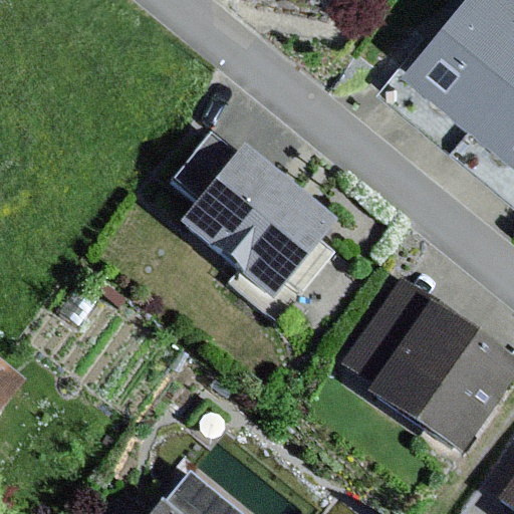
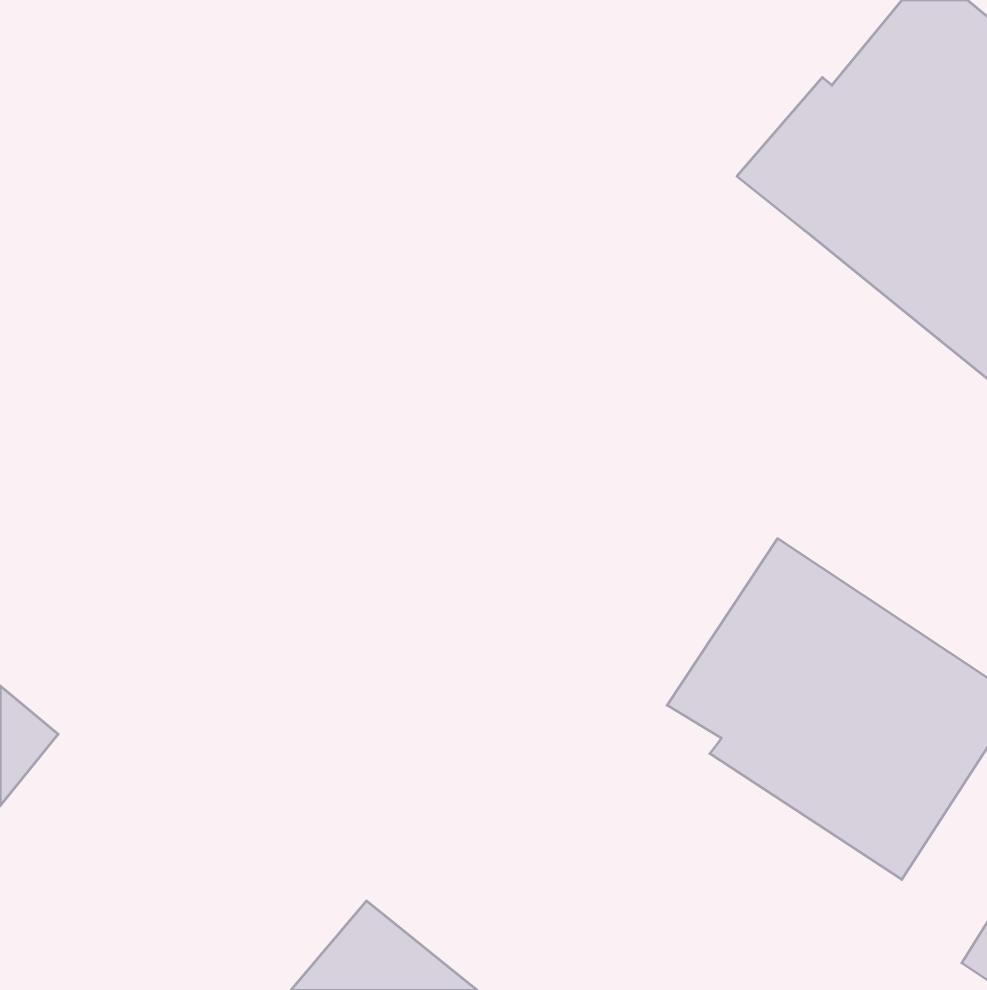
building: [173,132,341,297] -> none

